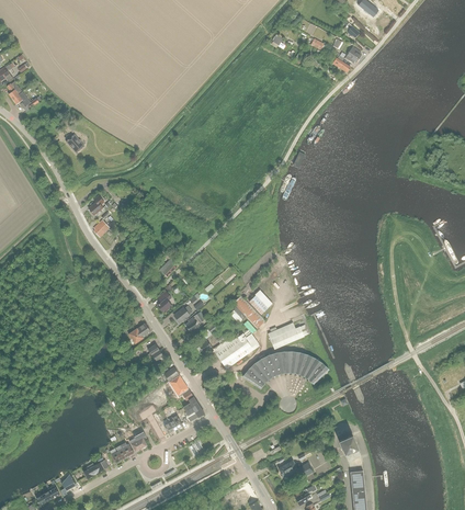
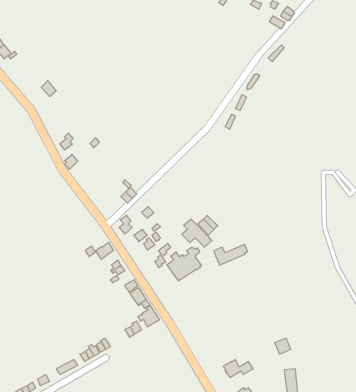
building: [242,351,328,387] -> none

